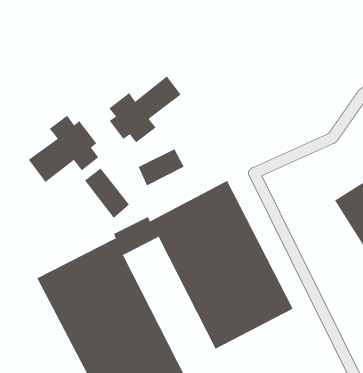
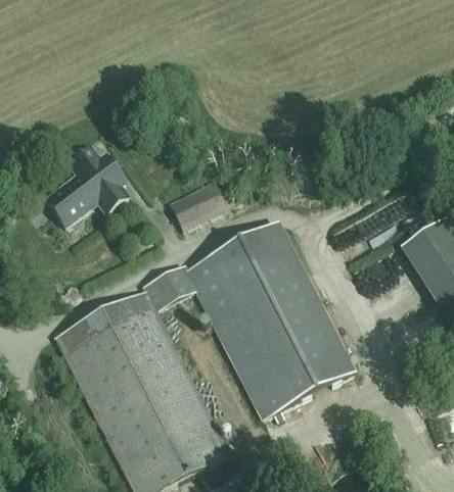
building: [109,76,181,143] -> none
building: [84,168,130,219] -> none

